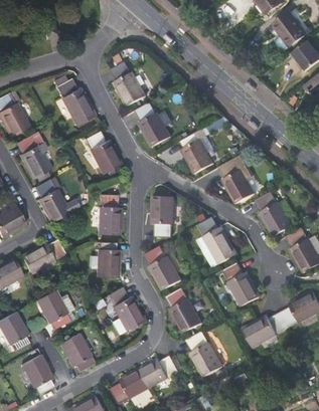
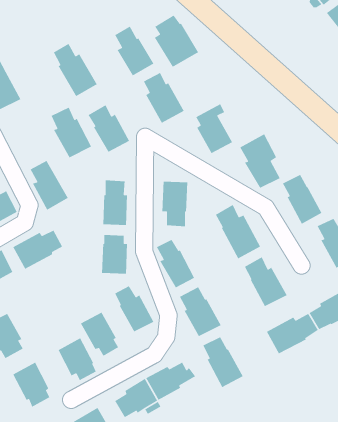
building: none -> [154,15,199,68]
building: [17,136,53,181] -> [51,106,92,159]
building: [37,289,71,329] -> [80,312,119,357]

